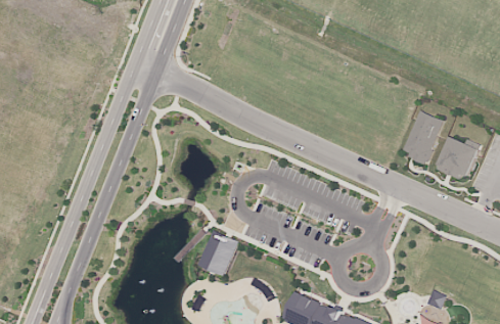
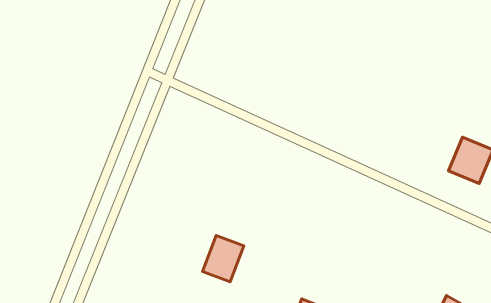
building: [401,110,443,164] -> none

